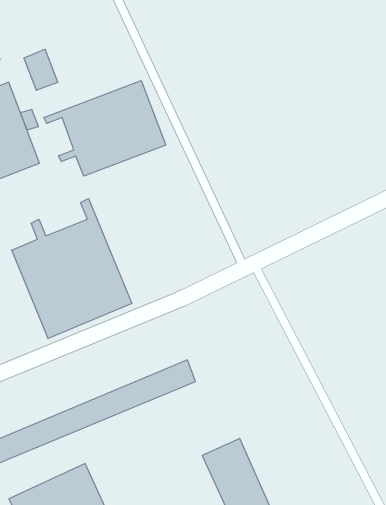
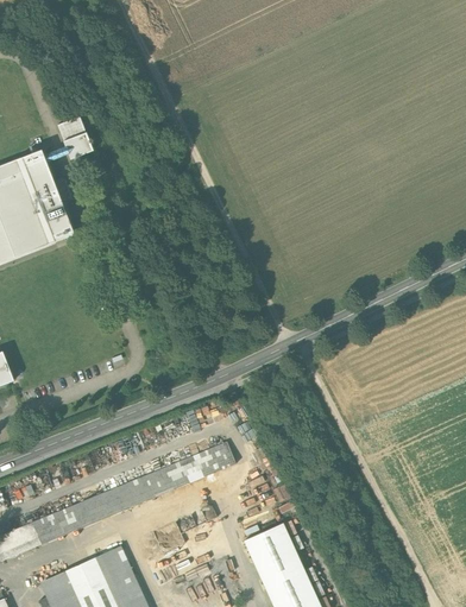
building: [44,81,166,176] -> none
building: [12,199,132,339] -> none

